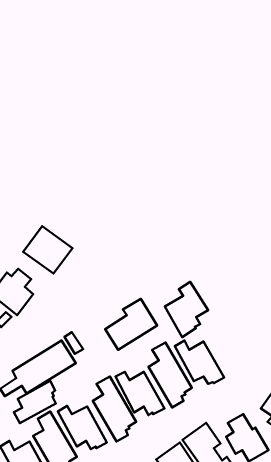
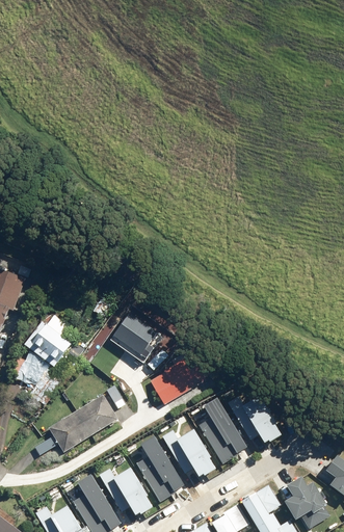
building: [23,226,72,274] -> [108,312,162,364]
building: [165,282,208,337] -> none
building: [14,381,56,423] -> none

